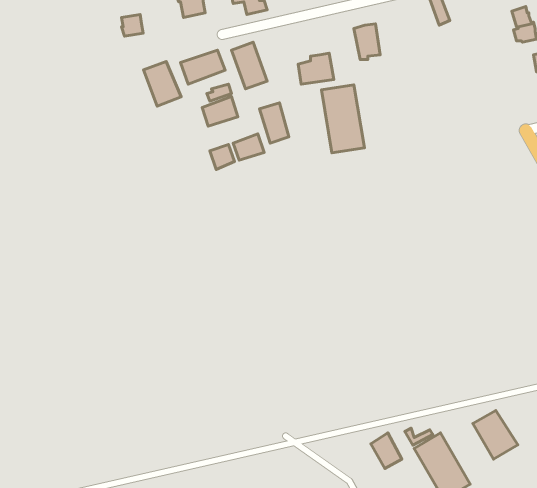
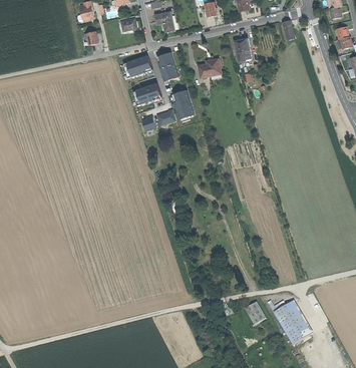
building: [144,61,181,106] -> none
building: [321,85,364,153] -> none
building: [473,410,518,459] -> none

